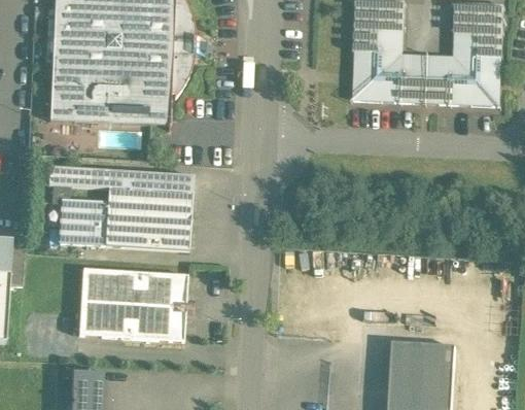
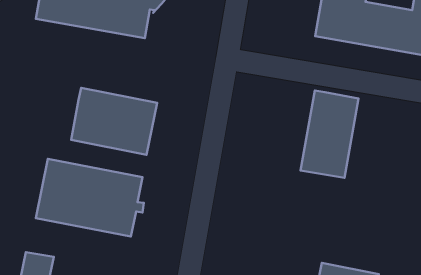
building: none -> [301,90,359,178]
building: [46,166,191,192] -> none
building: [58,198,105,244] -> none

